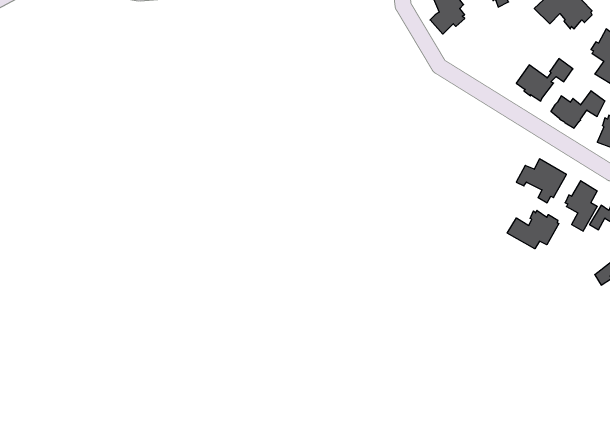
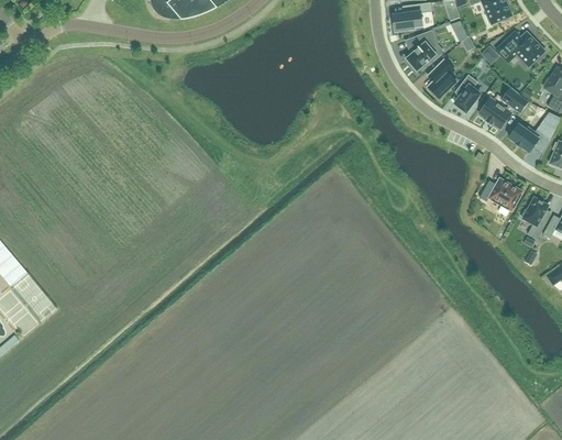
building: none -> [427,59,456,98]
building: none -> [454,74,481,111]
building: [507,210,559,249] -> none

